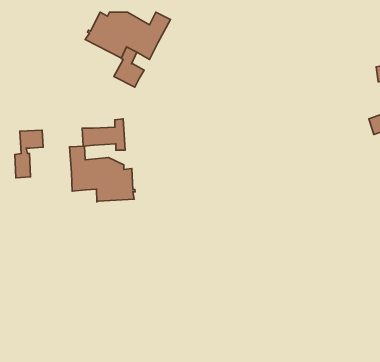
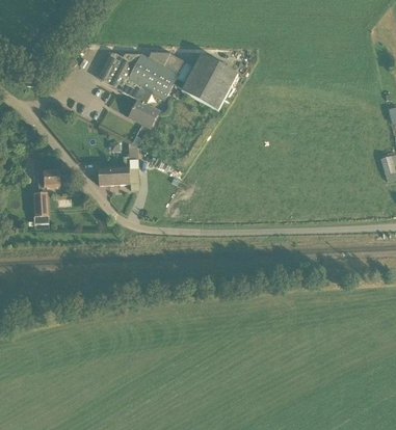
building: none -> [173,53,238,110]
building: [69,146,135,202] -> none

